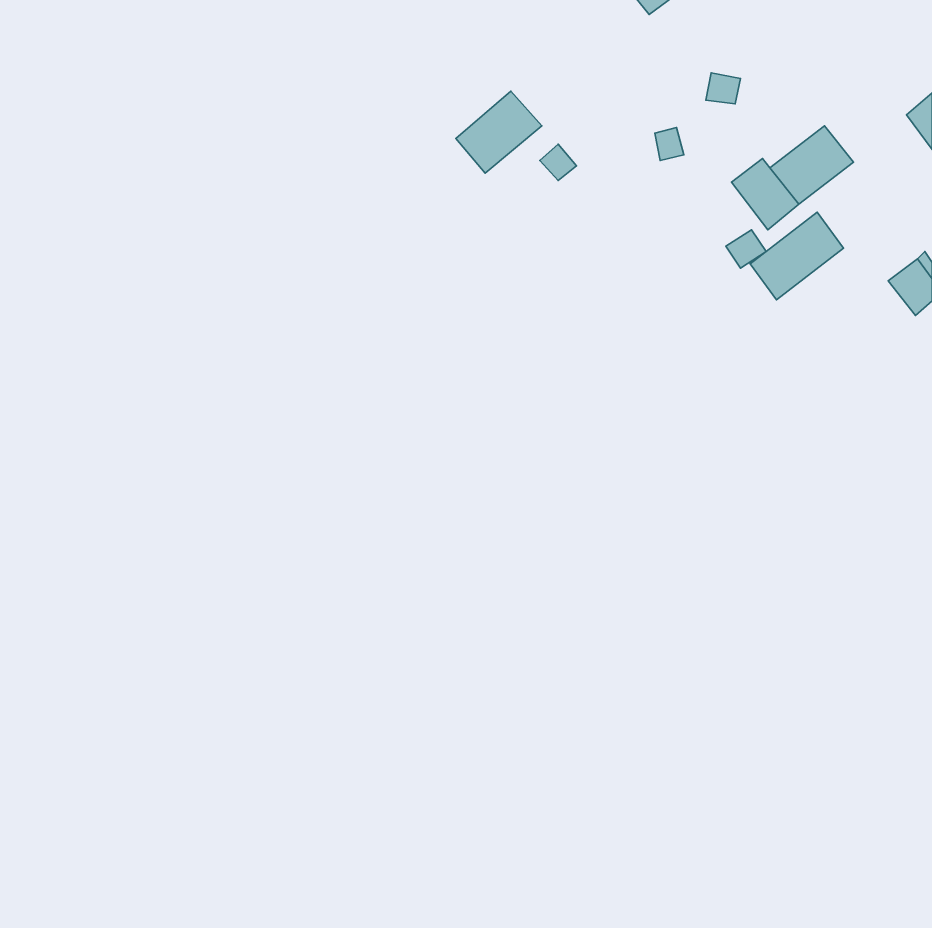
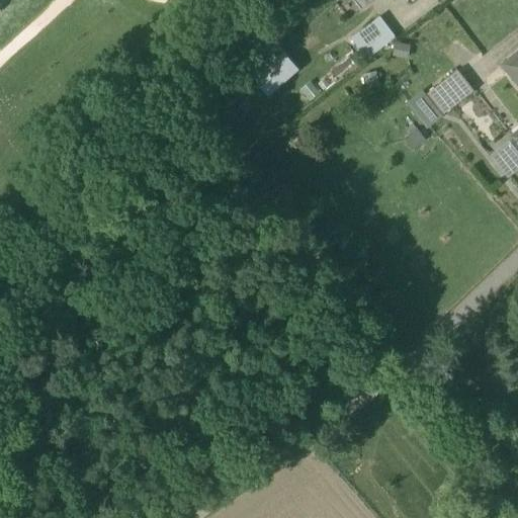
building: none -> [351,15,396,58]
building: [750,212,844,300] -> none

